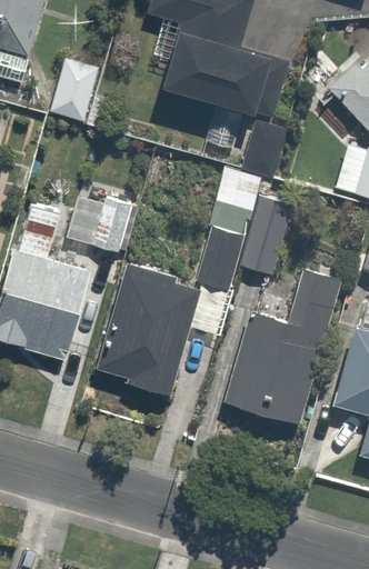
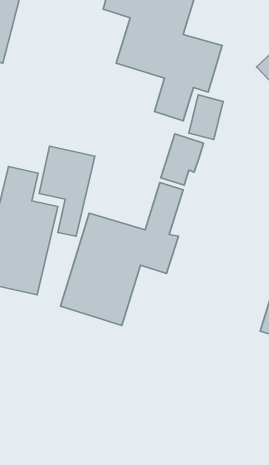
building: [52,58,101,119] -> none
building: [245,194,297,276] -> none
building: [223,269,336,422] -> none

